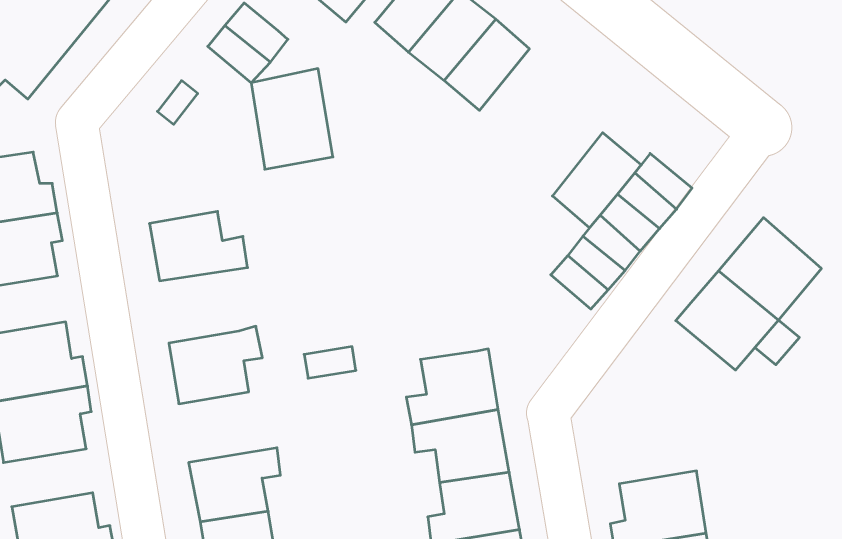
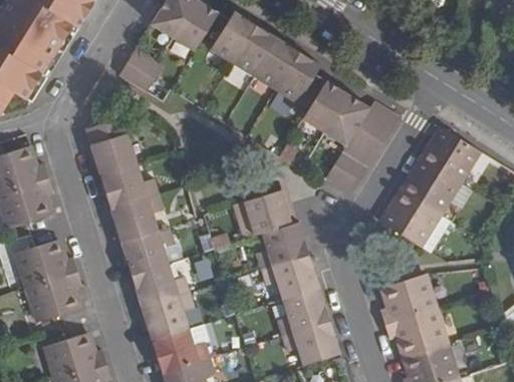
building: none -> [276,51,321,102]
building: [251,69,333,169] -> [86,117,138,177]
building: none -> [303,80,346,131]
building: none -> [110,195,164,243]
building: none -> [239,189,293,239]
building: none -> [382,192,439,246]
building: none -> [131,264,189,308]

